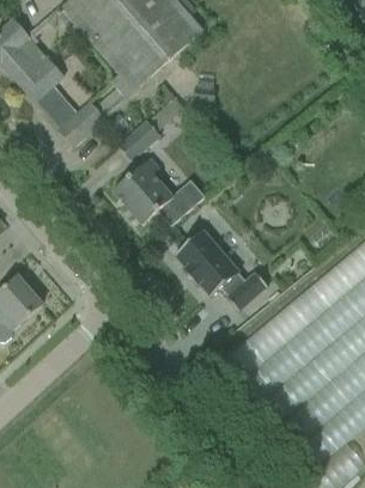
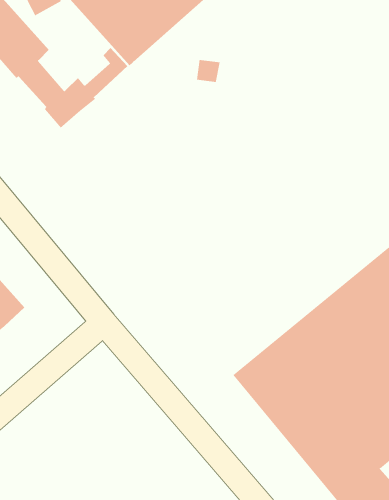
building: [117,120,159,159] -> none
building: [112,158,197,225] -> none
building: [174,228,267,310] -> none

